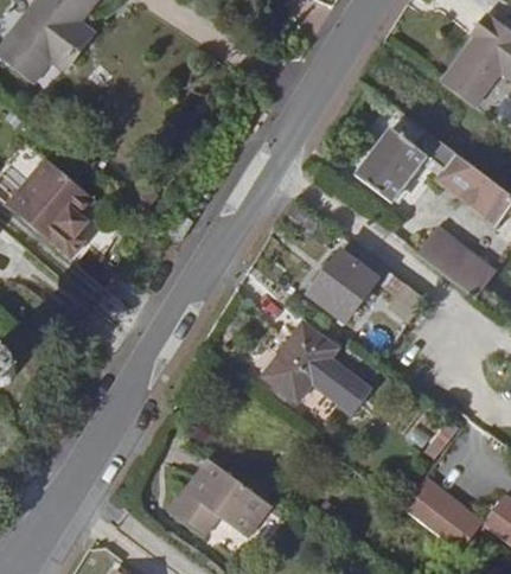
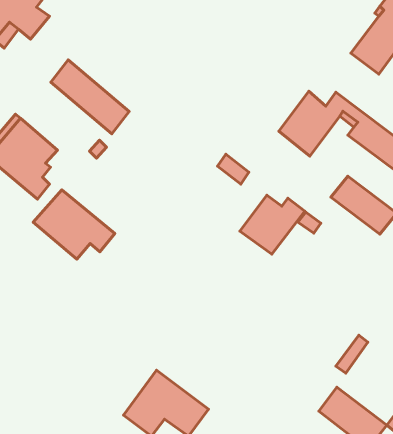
building: none -> [51,60,129,134]
building: none -> [33,190,115,259]
building: [266,324,372,414] -> none

